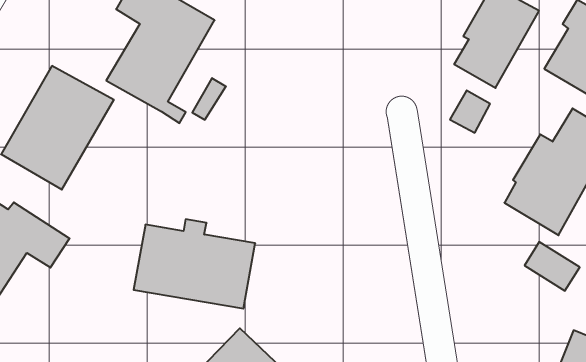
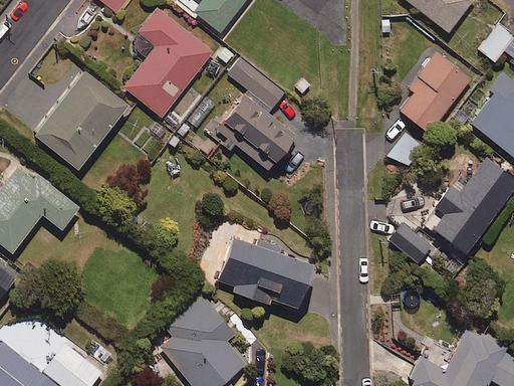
building: none -> [206,57,297,170]
building: [134,219,255,309] -> [214,237,314,314]
building: [525,242,580,291] -> [389,222,432,263]

